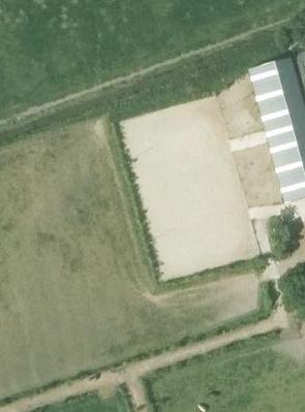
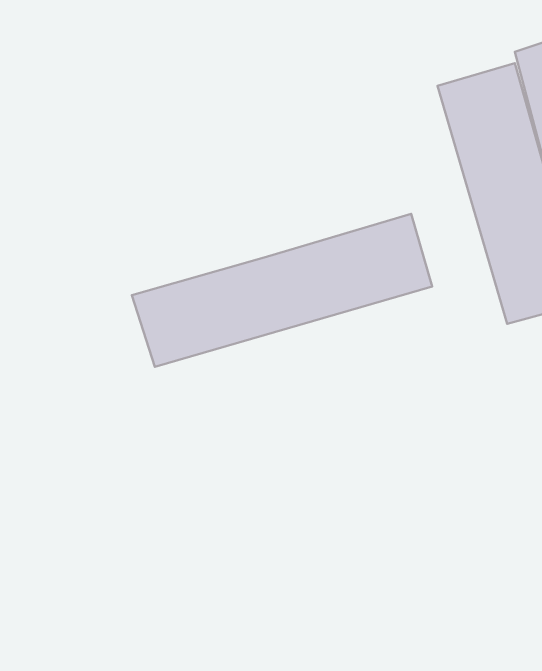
building: none -> [132,214,432,367]

